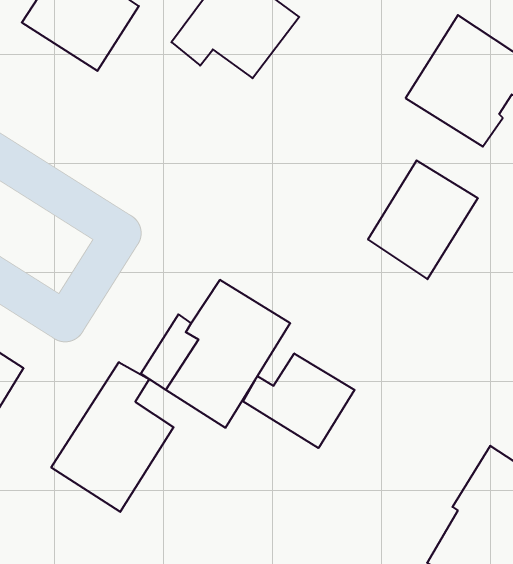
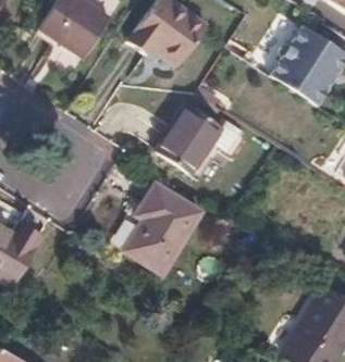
building: [368,160,478,279] -> [158,102,224,174]
building: [243,353,355,448] -> none
building: [51,362,174,512] -> none

